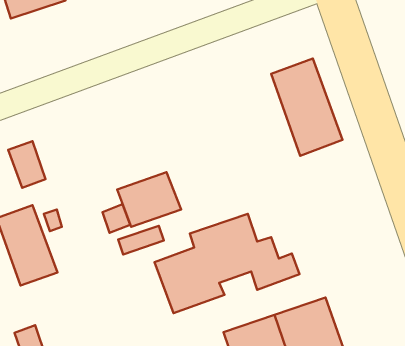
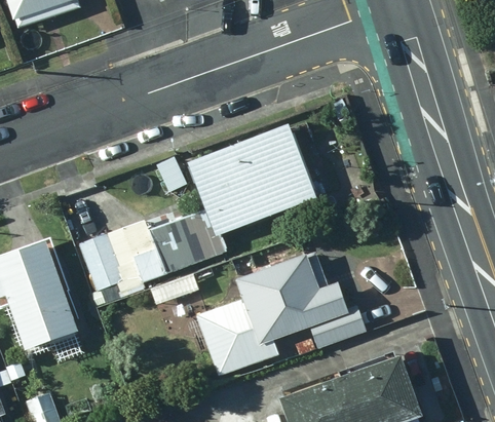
building: [271,59,342,156] -> none
building: none -> [191,128,315,229]
building: [8,141,45,188] -> [80,231,124,286]

